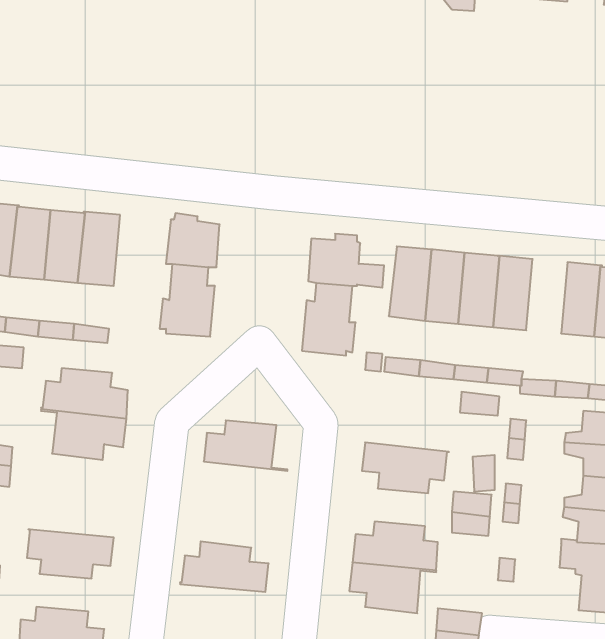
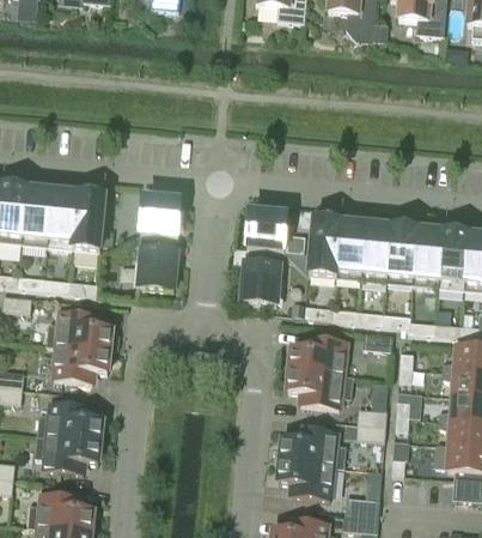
building: none -> [413,228,444,284]
building: [204,420,287,471] -> [291,336,354,374]
building: [180,541,269,592] -> [36,400,103,439]

